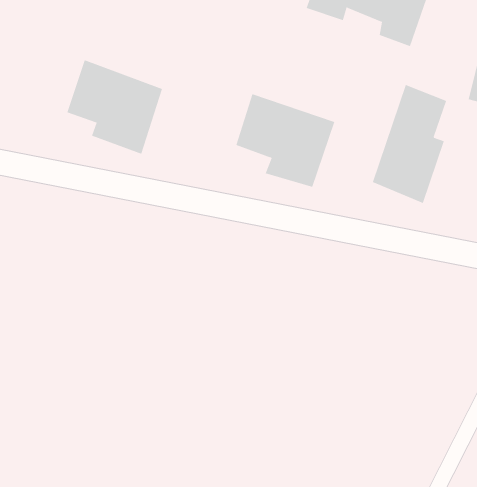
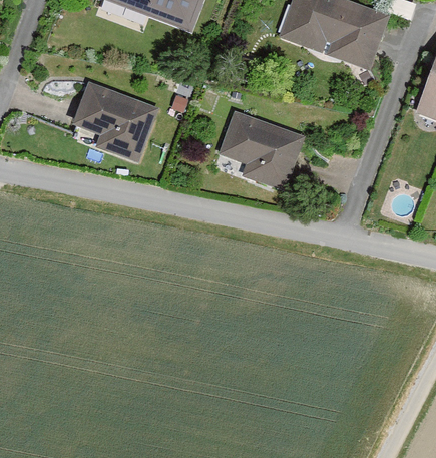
building: [372,84,447,204] -> none

